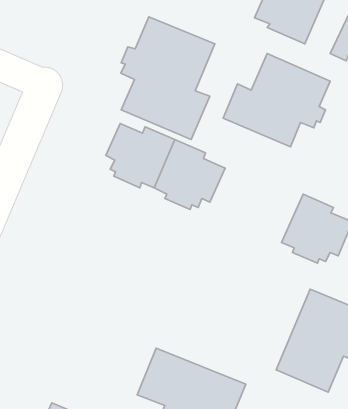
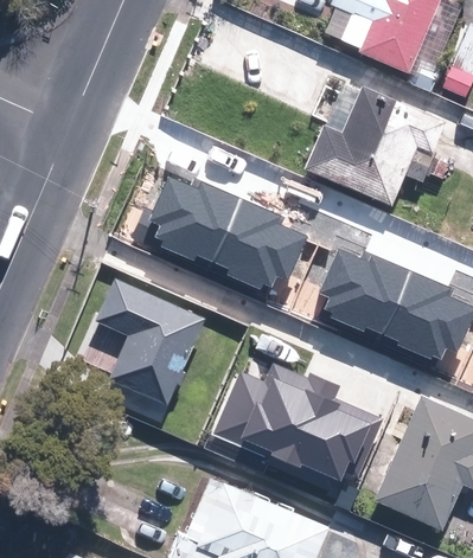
building: [121,17,215,140] -> none
building: none -> [317,249,408,334]
building: none -> [92,278,204,423]
building: none -> [210,363,382,481]

